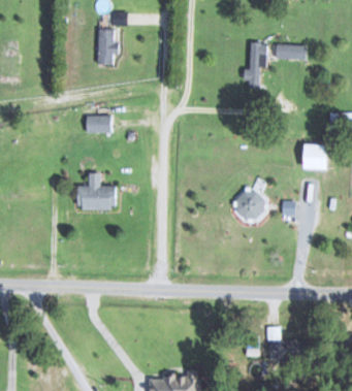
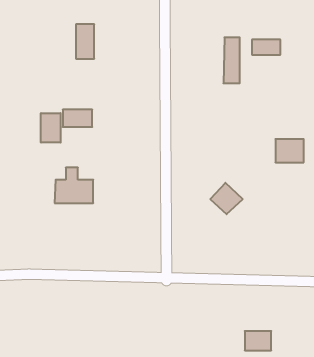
building: none -> [41,113,61,143]

